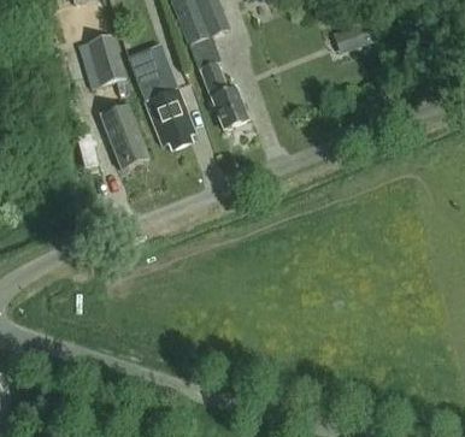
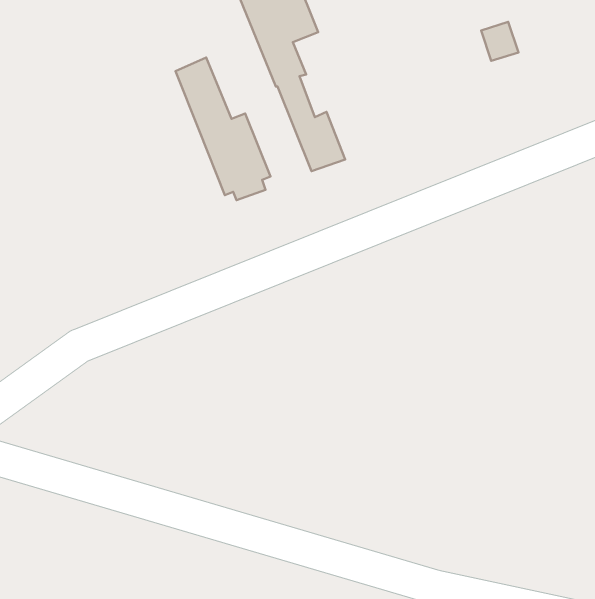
building: [88,33,125,83] -> none
building: [101,104,148,166] -> none

